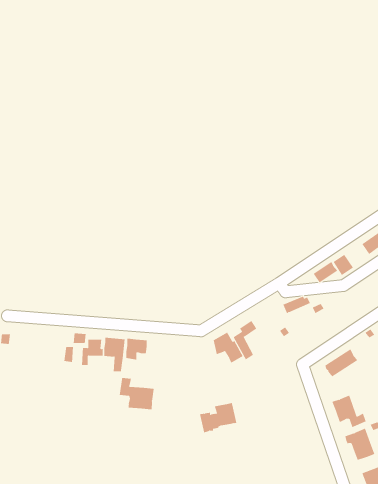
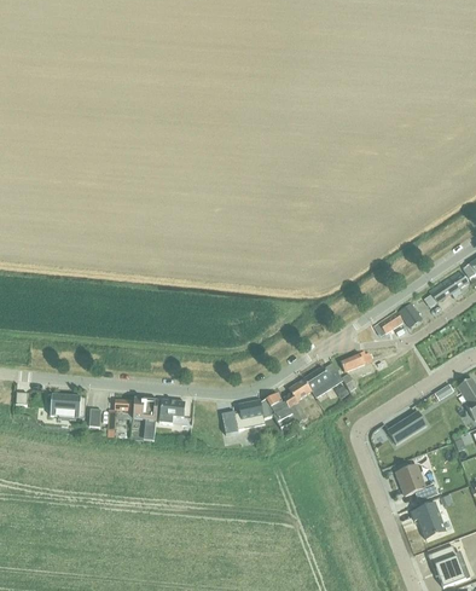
building: none -> [304,365,341,396]
building: none -> [50,394,86,421]
building: [119,377,154,410] -> none
building: [199,403,237,433] -> [221,400,265,435]

